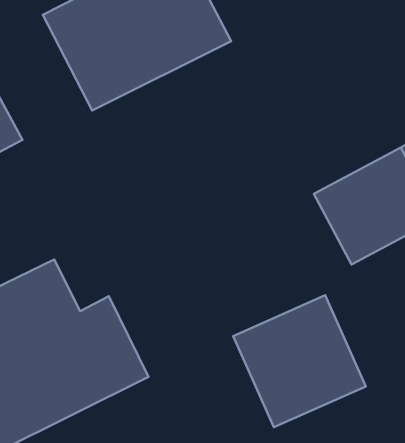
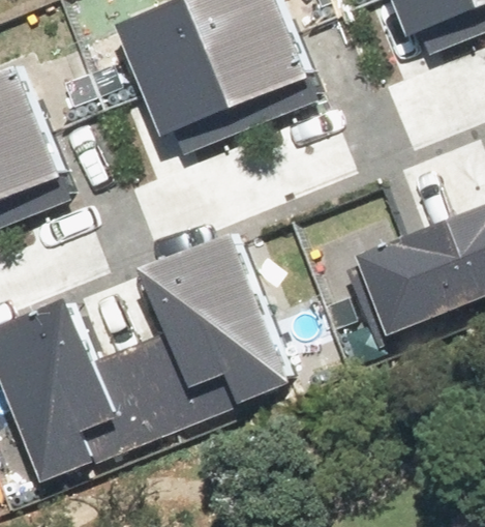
building: none -> [160,239,307,409]
building: [233,295,366,427] -> none

